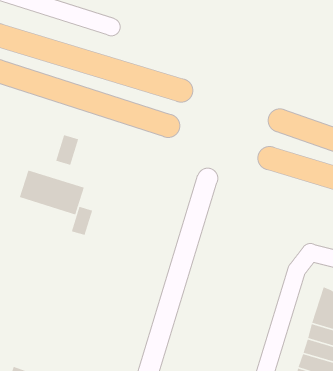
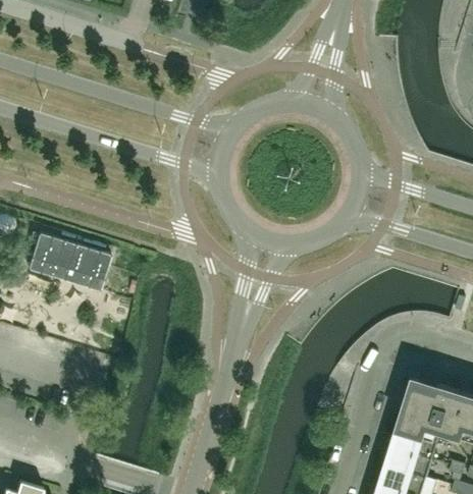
building: [55,134,79,166] -> none
building: [71,206,93,236] -> none

